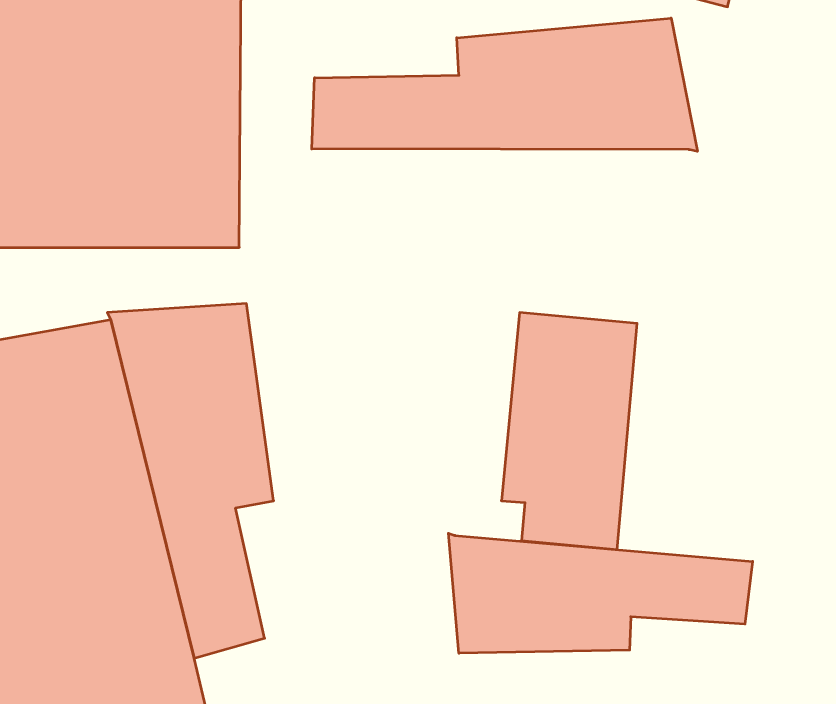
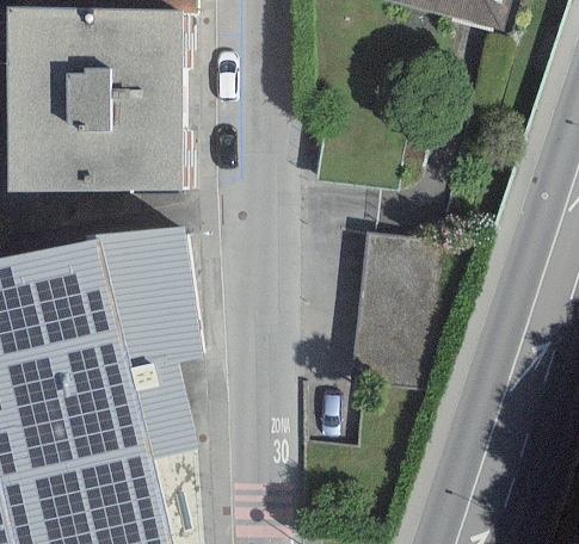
building: [312,18,697,151] -> none
building: [448,533,753,653] -> none

